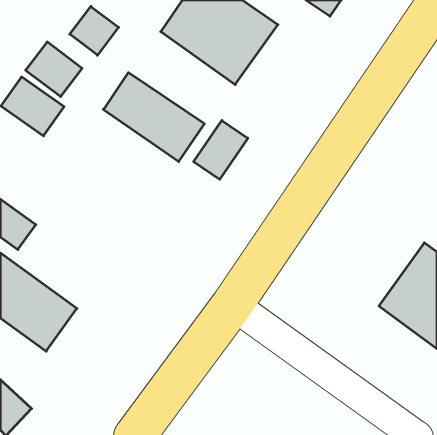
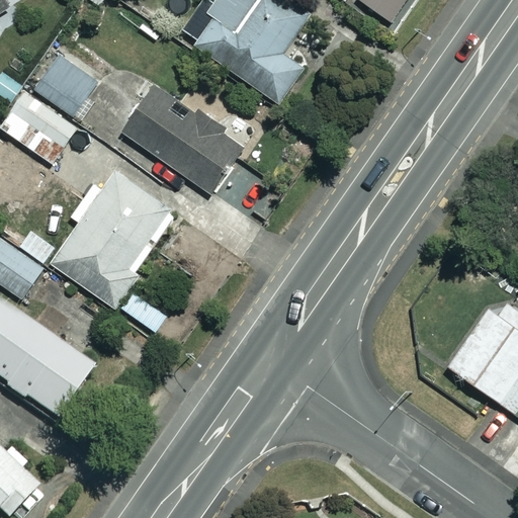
building: [70,6,119,55] -> none
building: [194,120,248,179] -> none
building: none -> [52,172,169,308]

